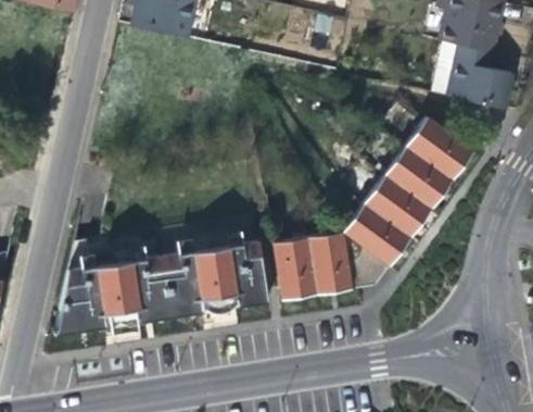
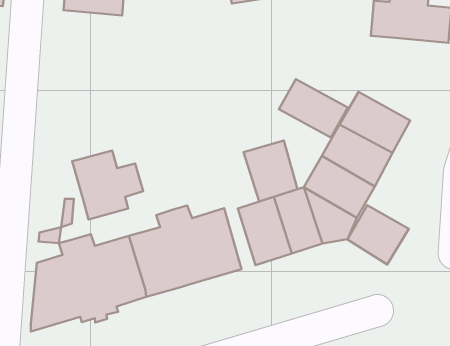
building: [409,114,477,176] -> [279,79,348,138]
building: none -> [72,150,143,219]
building: none -> [243,141,297,201]
building: none -> [347,205,409,265]

